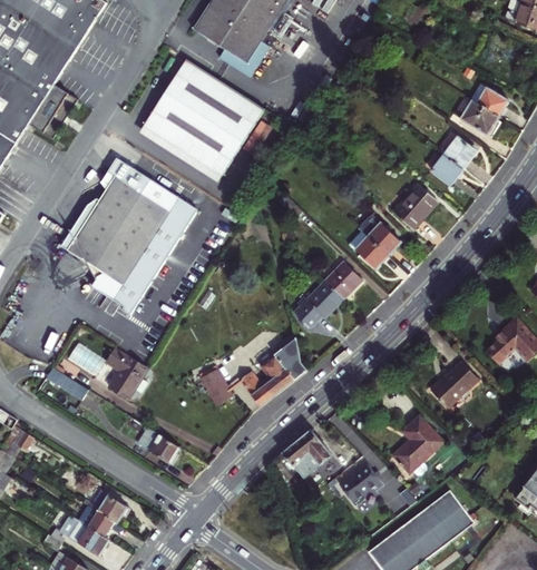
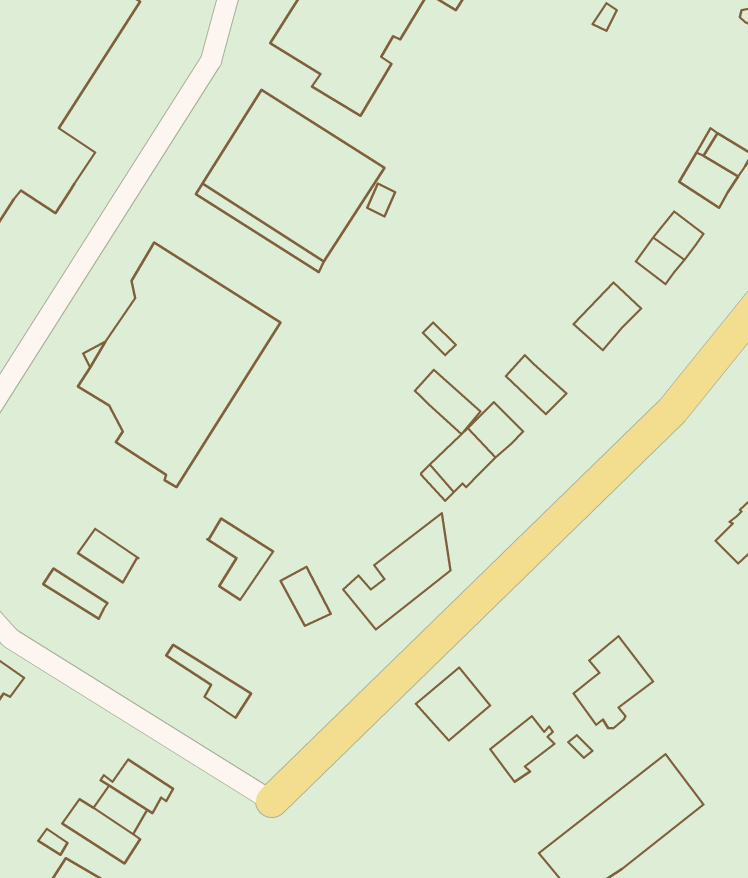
building: [354,215,397,256] -> [415,370,481,434]
building: [108,348,150,401] -> [207,518,273,600]
building: [424,357,472,405] -> none

